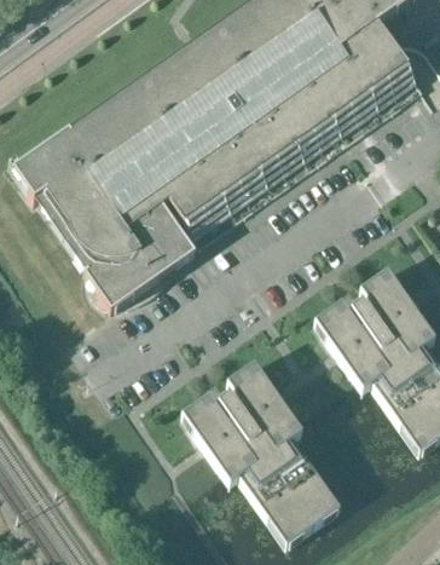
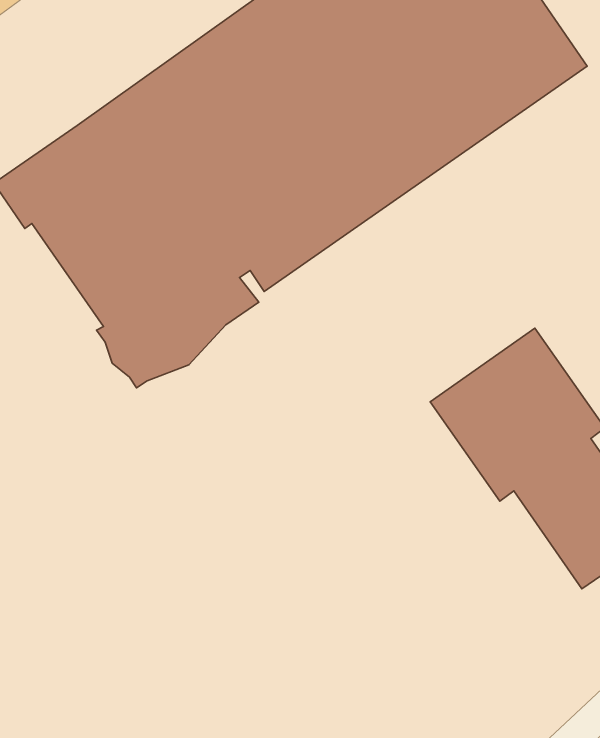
building: [183,364,341,544] -> none

